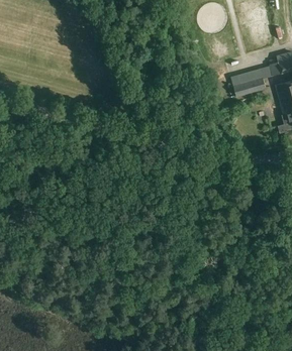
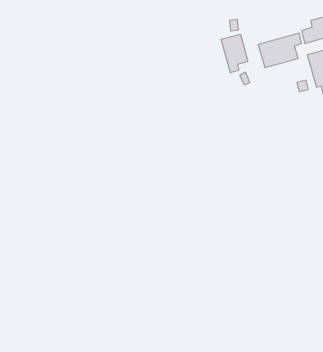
building: none -> [221,34,248,73]

